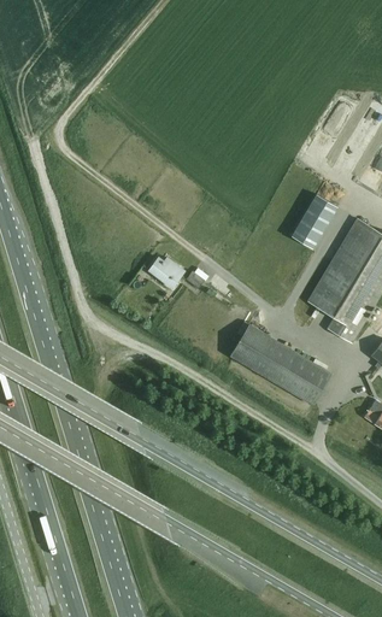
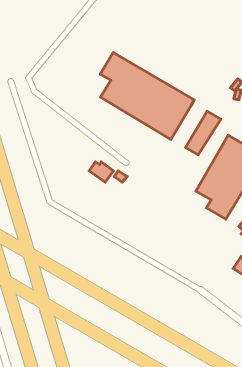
building: none -> [100,53,194,139]
building: [229,324,330,417] -> none

